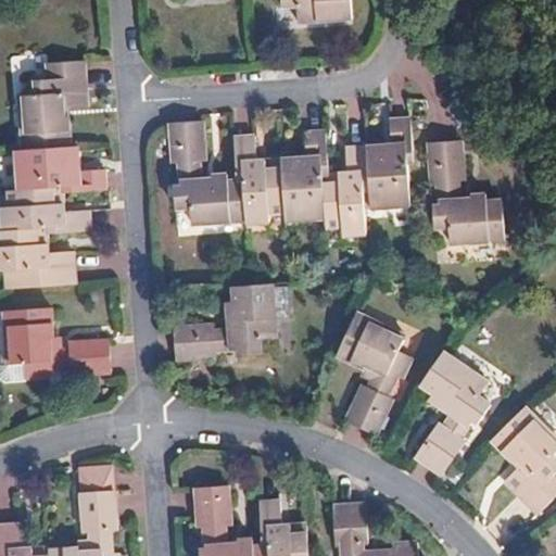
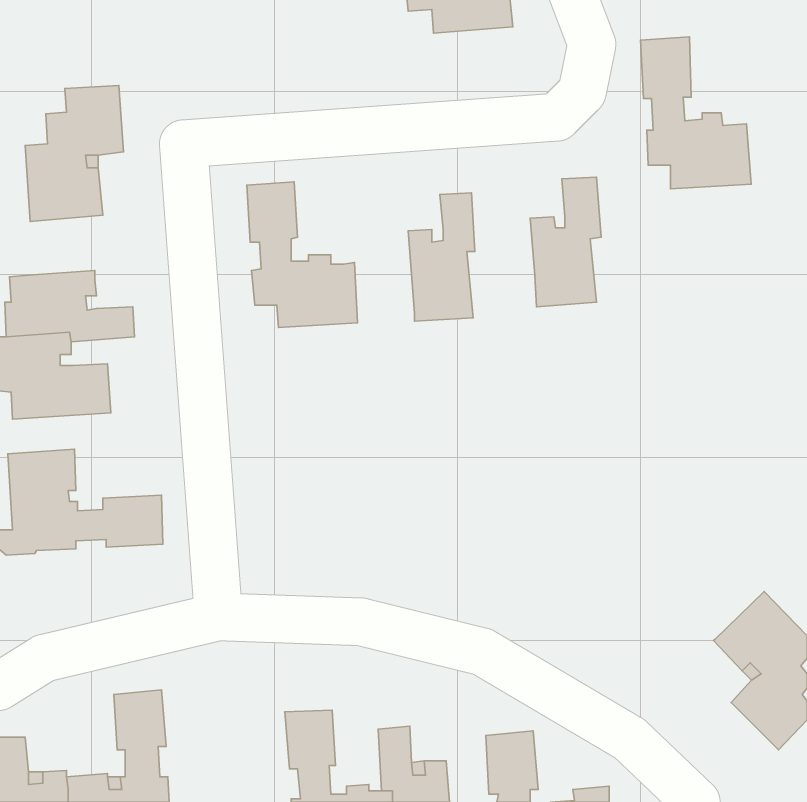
building: [232,137,285,225] -> none
building: [426,142,502,247] -> [640,37,751,189]
building: [320,147,367,236] -> none
building: [17,148,105,192] -> none
building: [170,285,274,359] -> none
building: [337,309,412,432] -> none
building: [413,351,491,477] -> none

